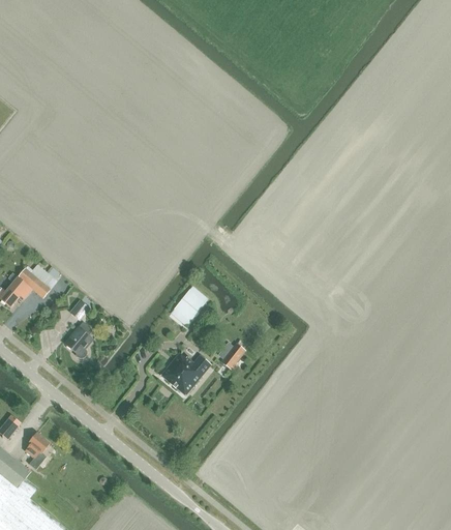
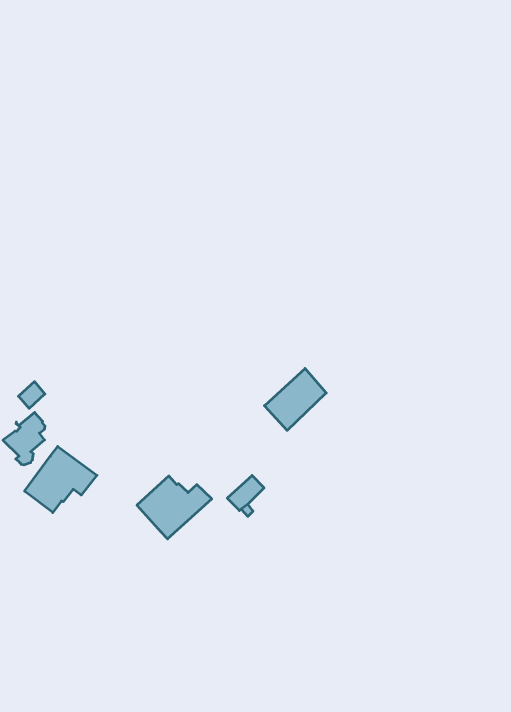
building: [168,286,208,329] -> [264,368,326,430]
building: none -> [25,446,97,513]

